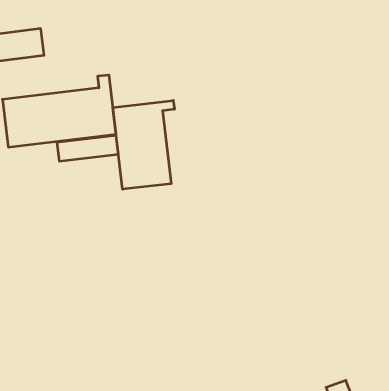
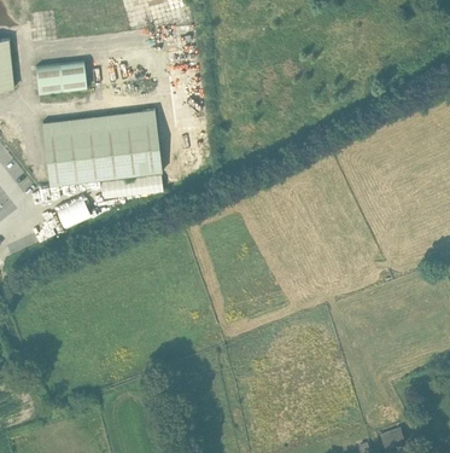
building: [113,100,174,189] -> none

